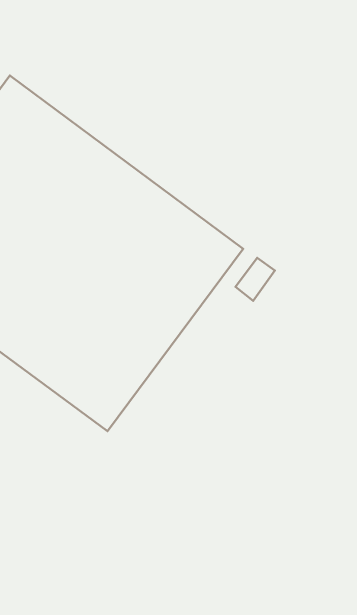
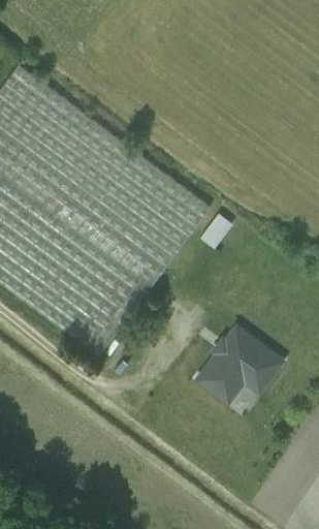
building: none -> [195,324,286,406]

